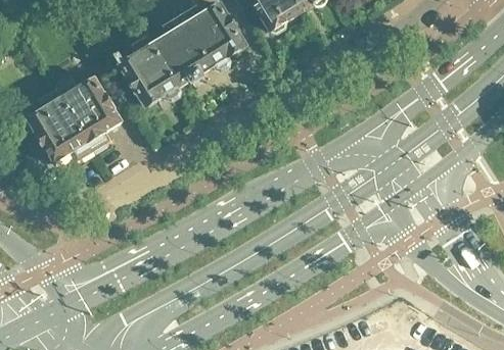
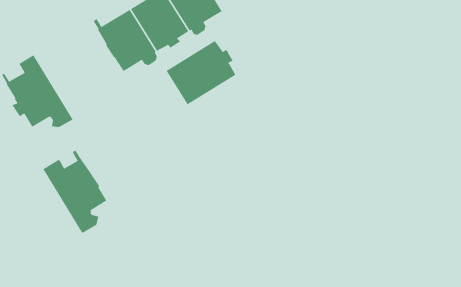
building: [55,67,121,152] -> [42,150,107,234]
building: none -> [166,40,236,105]

